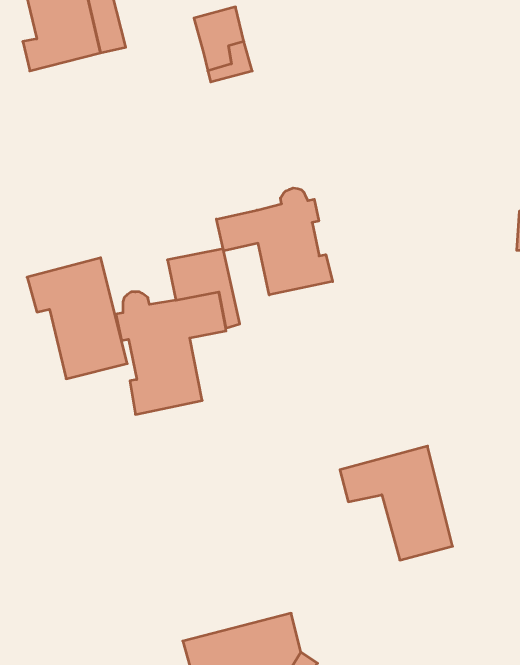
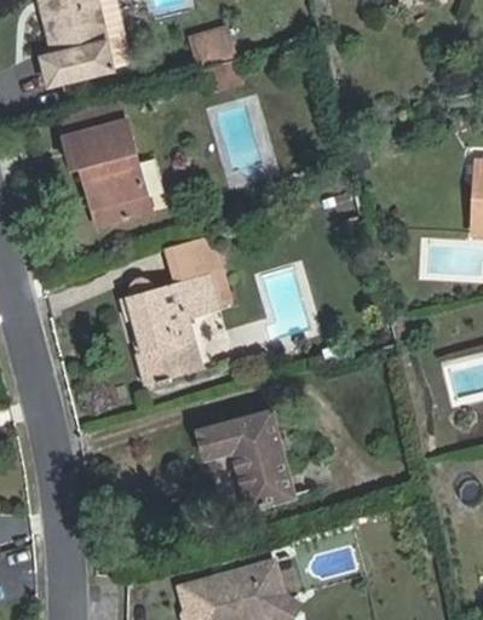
building: [216,188,333,295] -> none
building: [27,258,127,379] -> [61,120,148,225]
building: [340,446,453,560] -> [194,409,292,509]

